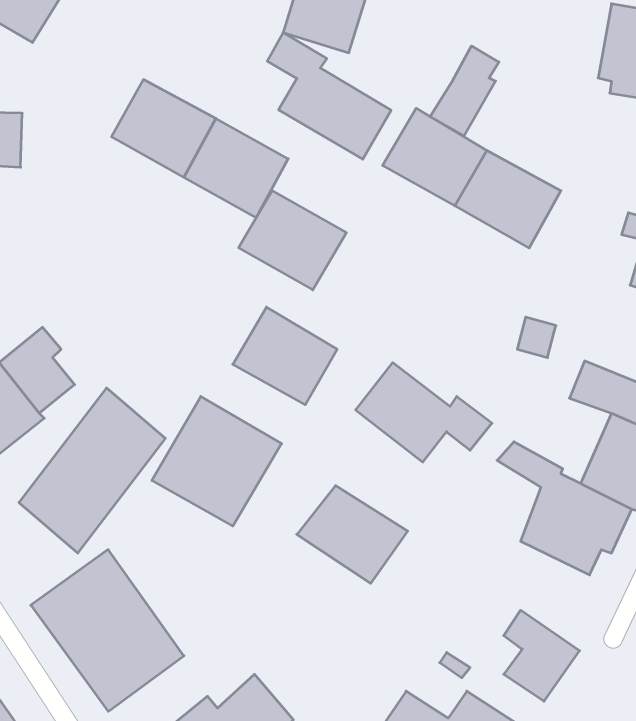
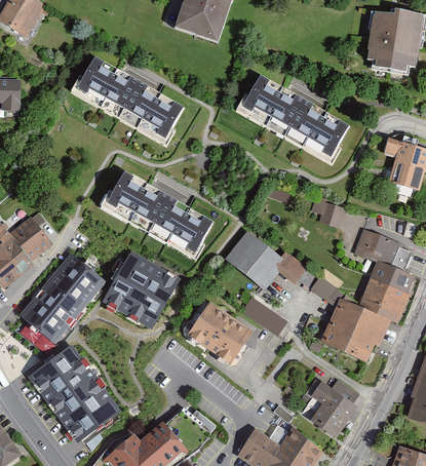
building: [267,32,391,159] -> none
building: [430,46,499,136] -> none
building: [239,191,346,290] -> [103,170,168,231]
building: none -> [239,298,286,337]

